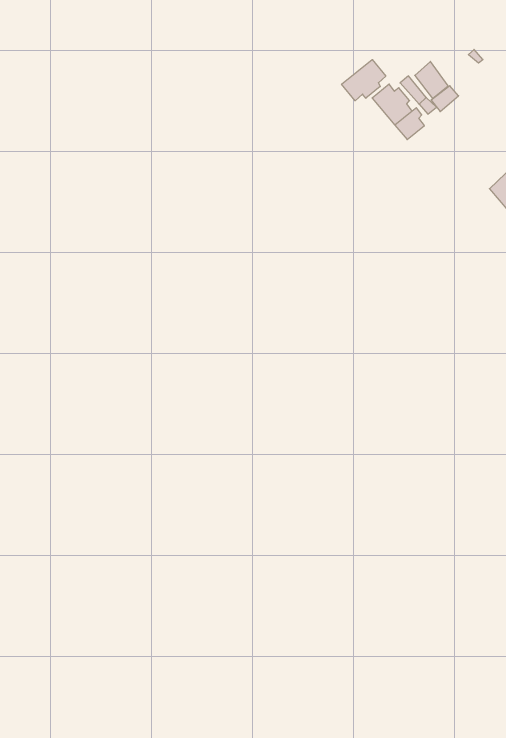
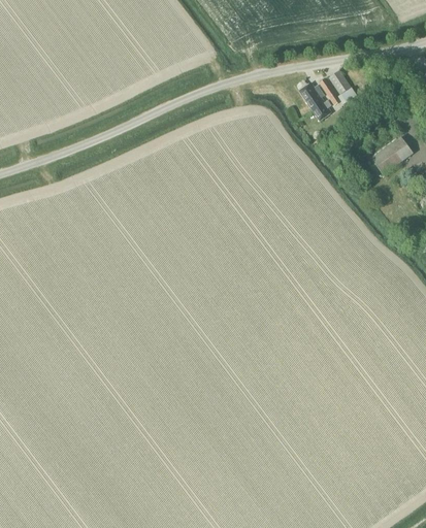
building: [342,60,386,101] -> none

